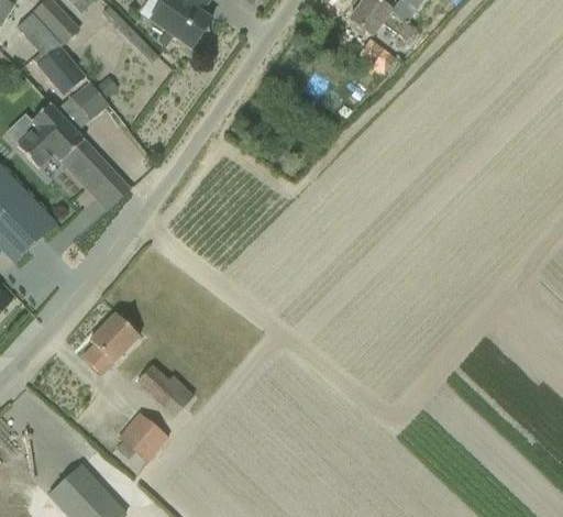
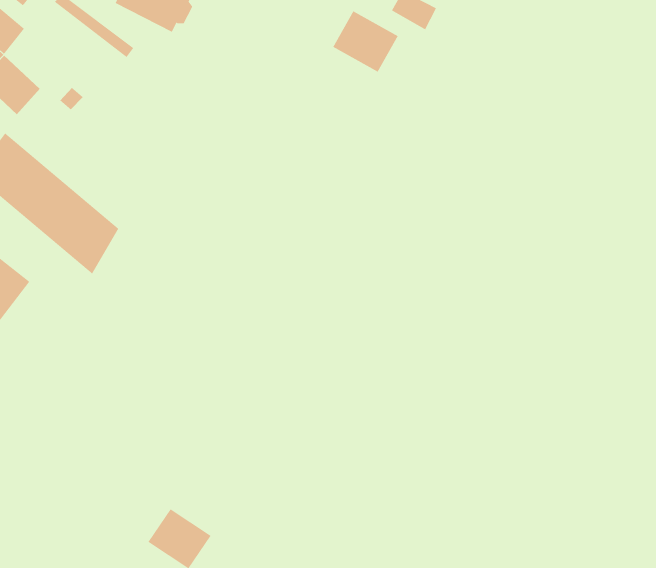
building: none -> [332,11,399,73]
building: [69,79,107,118] -> none
building: [81,310,139,374] -> none
building: [133,361,192,415] -> none

